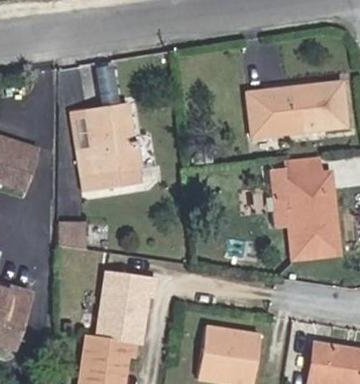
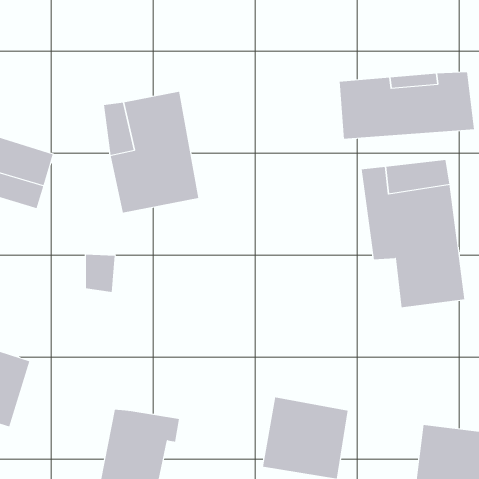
building: [98,272,154,339] -> none

